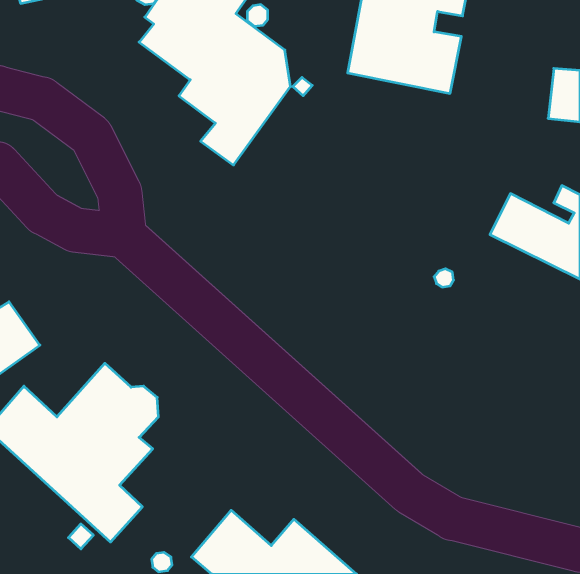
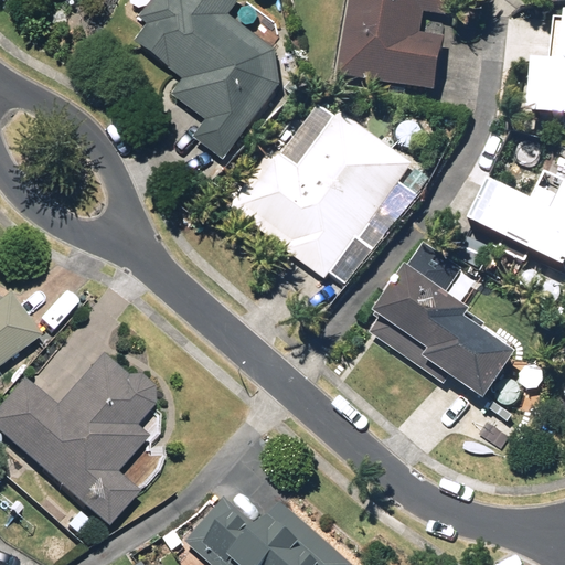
building: none -> [230,103,413,279]
building: none -> [372,268,529,396]

